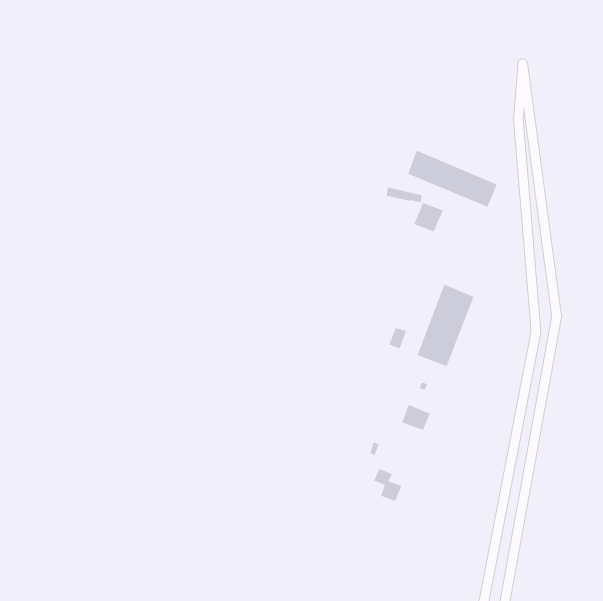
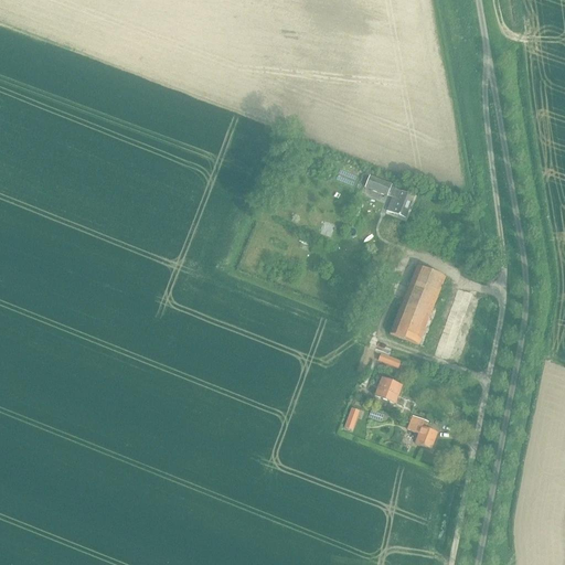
building: [407,149,498,208] -> none
building: [373,468,403,502] -> [408,415,436,447]

